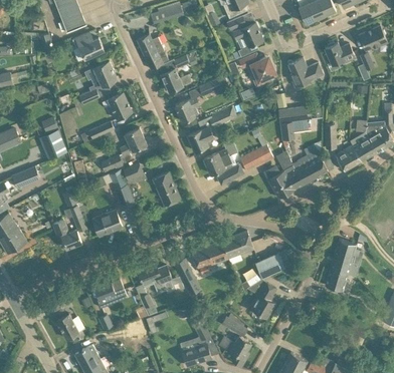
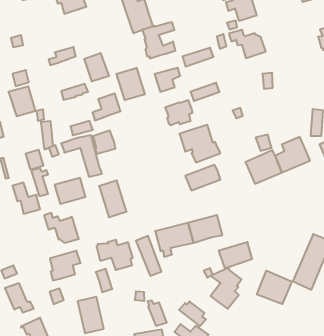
building: [287,57,323,86] -> none
building: [92,60,117,86] -> none
building: none -> [116,68,145,100]
building: [277,106,311,140] -> none
building: [239,144,272,170] -> [185,165,220,190]
building: [152,170,180,206] -> [99,180,127,217]
building: none -> [44,213,79,243]
building: none -> [257,271,292,304]

